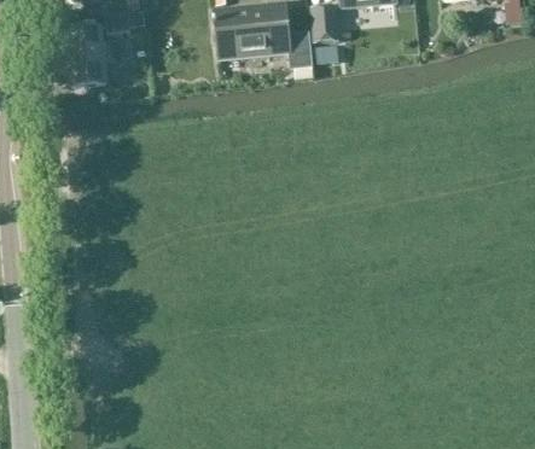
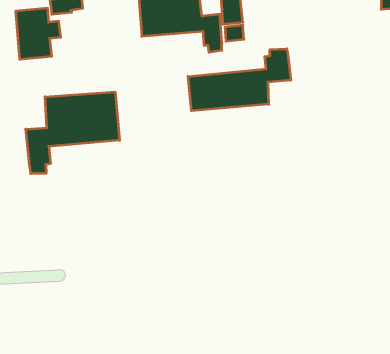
building: none -> [188,49,291,111]
building: none -> [26,92,120,174]

